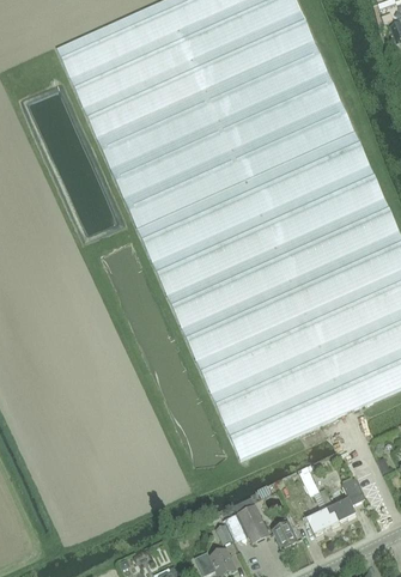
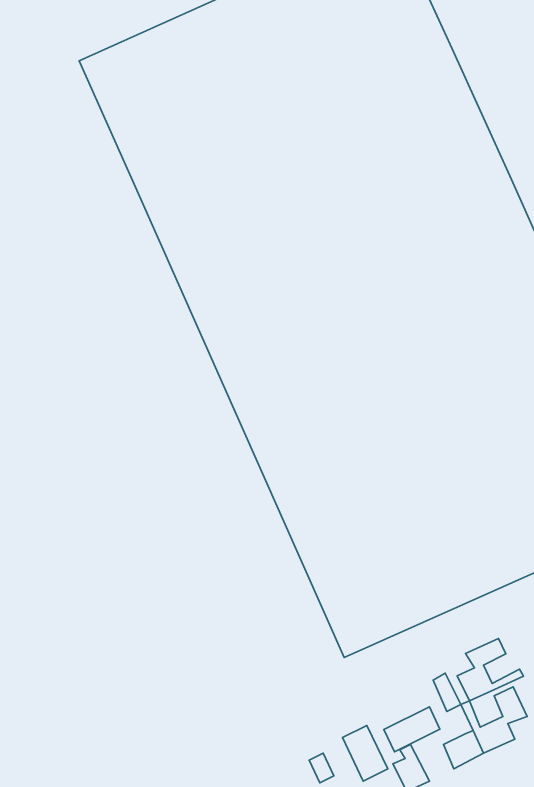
building: none -> [457,638,523,701]
building: none -> [384,707,440,752]

